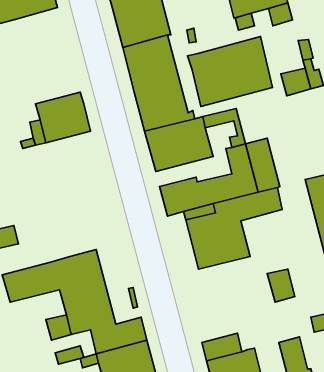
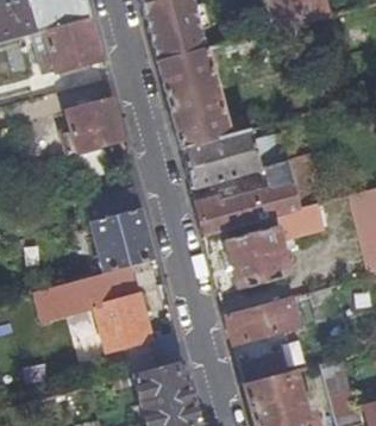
building: none -> [45,15,101,67]
building: [188,36,273,106] -> none
building: none -> [86,190,157,274]
building: none -> [226,296,299,343]

